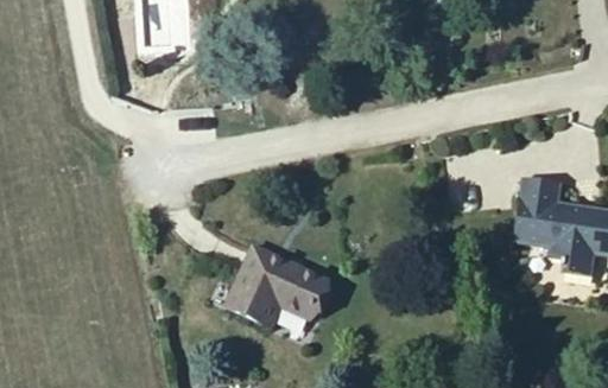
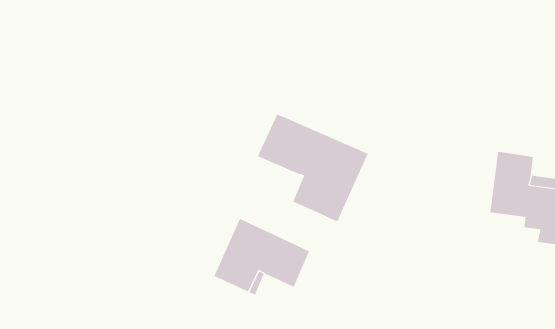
building: none -> [257,114,369,222]

